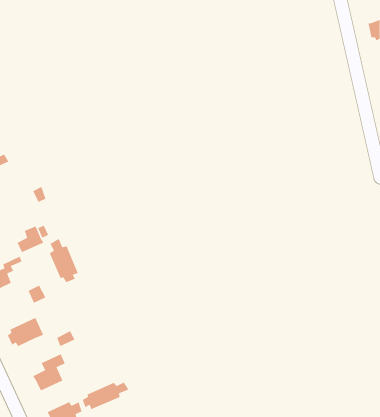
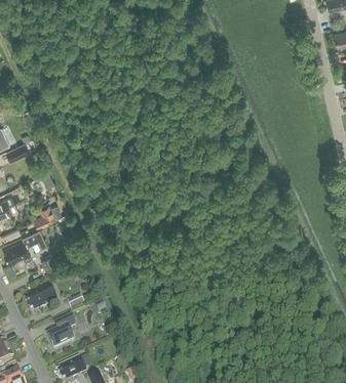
building: [49,238,79,283] -> none
building: [82,382,130,410] -> none

